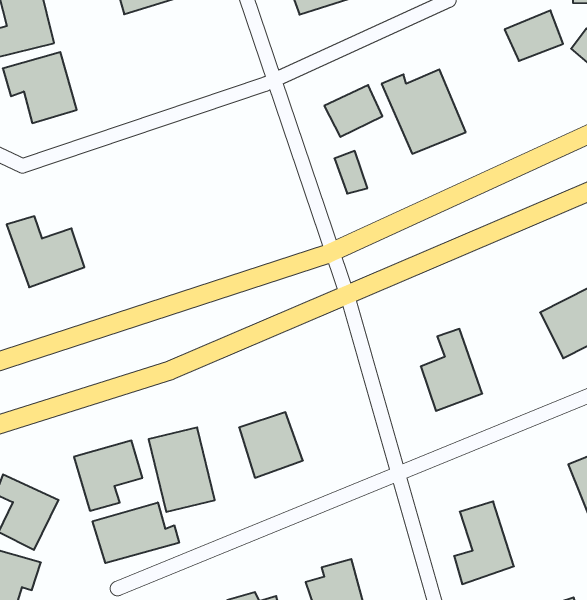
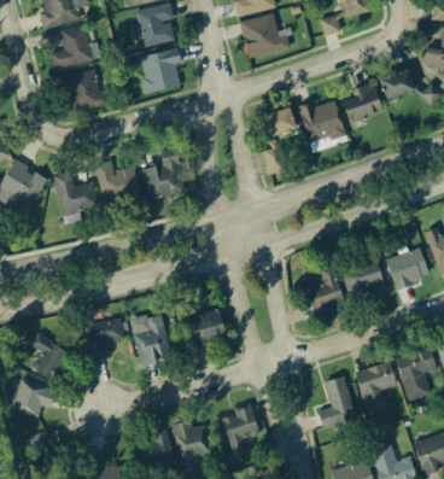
building: none -> [140,48,181,94]
building: none -> [341,83,381,123]
building: none -> [142,147,183,198]
building: none -> [95,162,140,206]
building: none -> [340,259,384,303]
building: none -> [354,361,397,411]
building: [93,502,179,563] -> none

